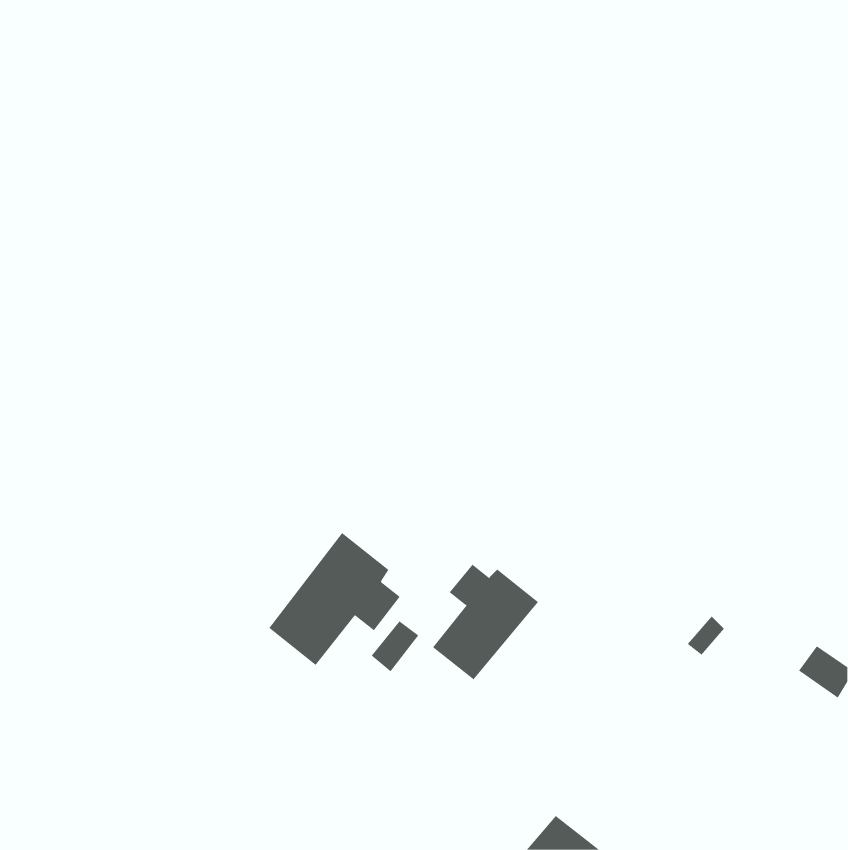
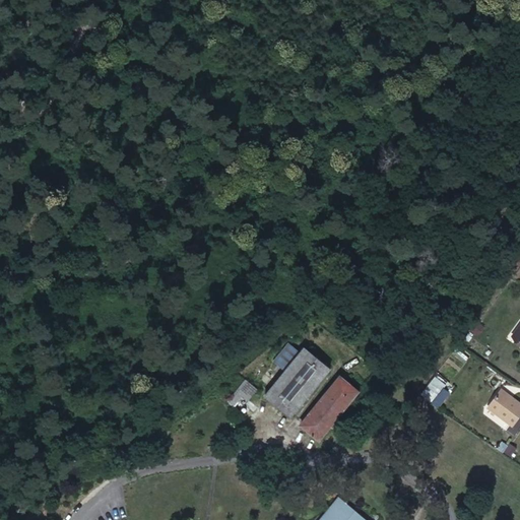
building: [268,532,400,666] -> none
building: none -> [300,376,356,440]

